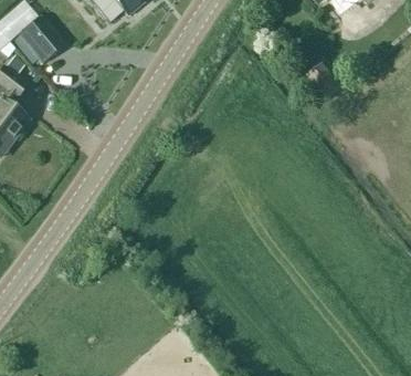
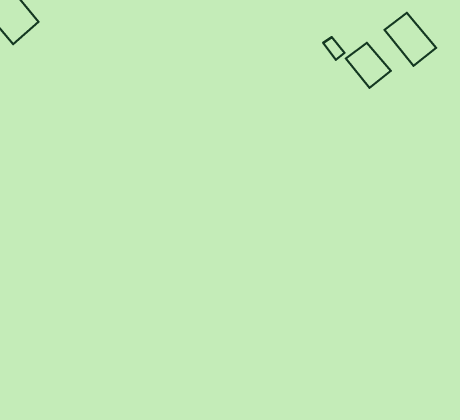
building: none -> [384,13,436,66]

